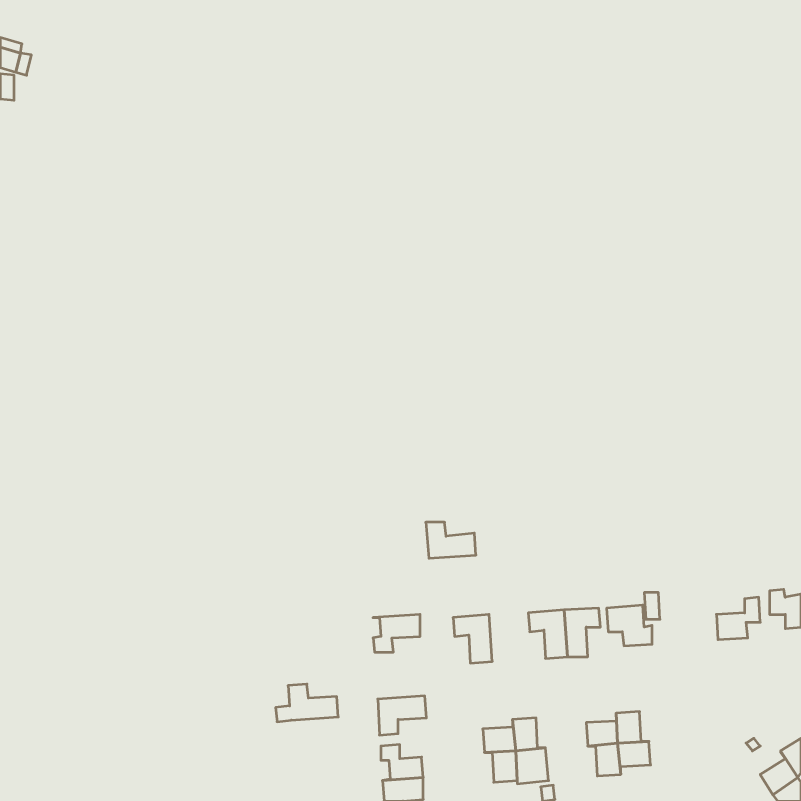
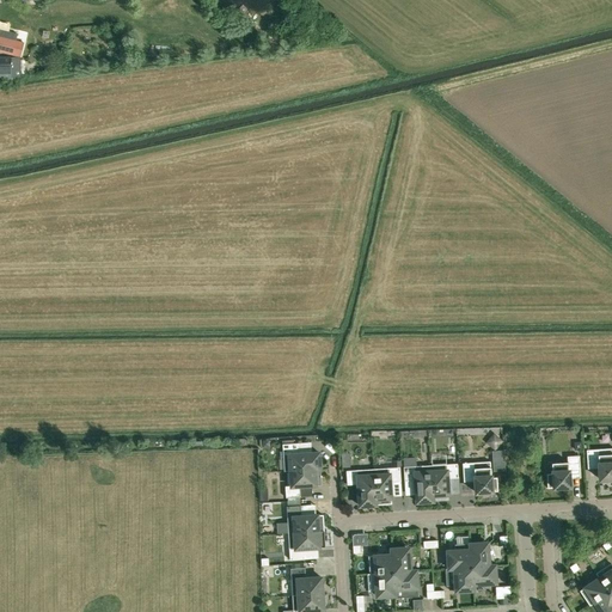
building: [426,522,476,558] -> [282,443,320,471]
building: none -> [373,467,400,504]
building: [276,684,338,722] -> [276,506,324,534]

